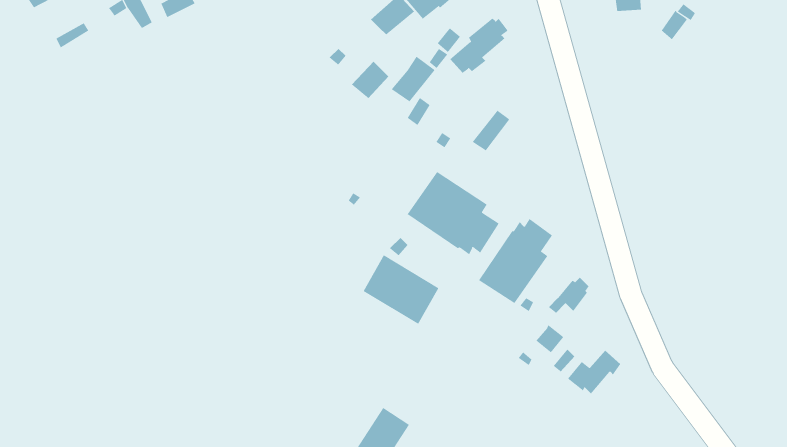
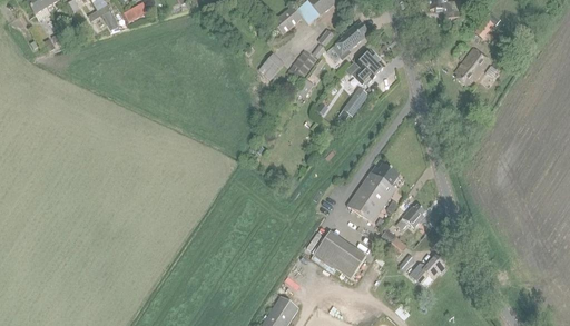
building: none -> [455,47,489,83]
building: none -> [351,49,385,83]
building: [407,171,499,255] -> none
building: [363,255,439,325] -> [312,227,365,276]

